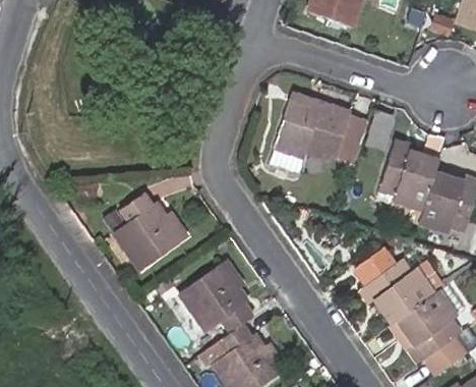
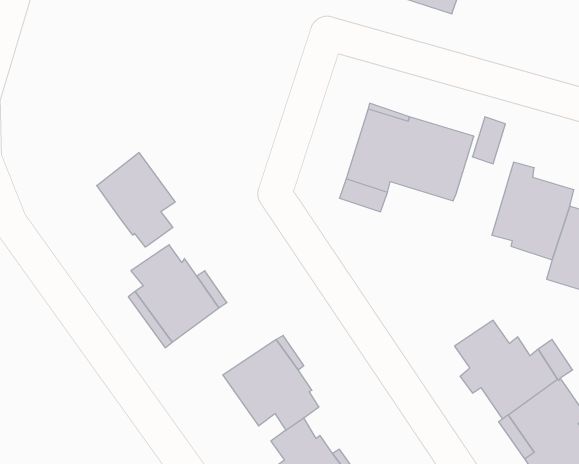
building: none -> [97,153,175,247]

